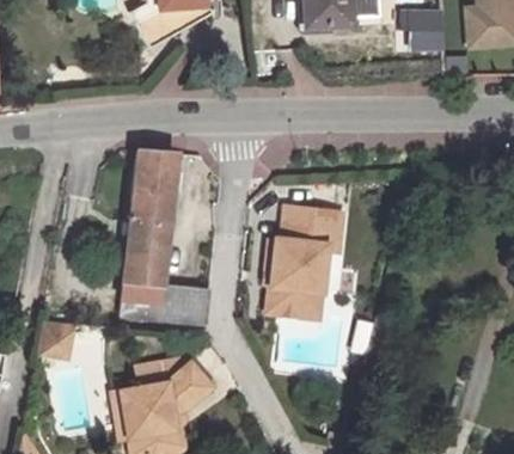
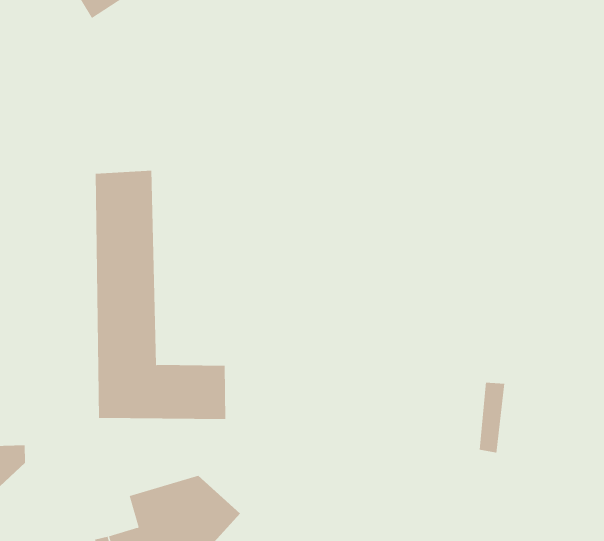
building: [262,210,337,319] -> none

